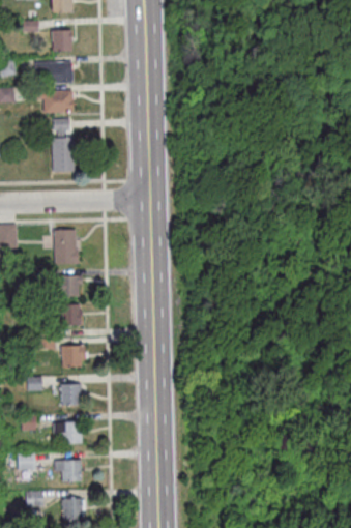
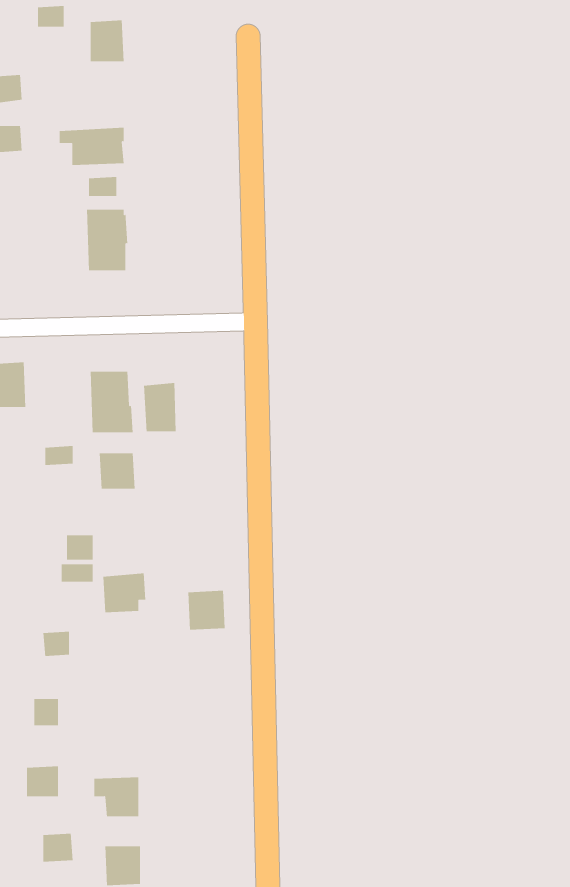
building: [35,61,72,86] -> none
building: none -> [143,382,176,432]
building: [59,303,80,326] -> none
building: [59,383,81,406] -> [187,590,226,630]
building: [53,421,82,443] -> none

